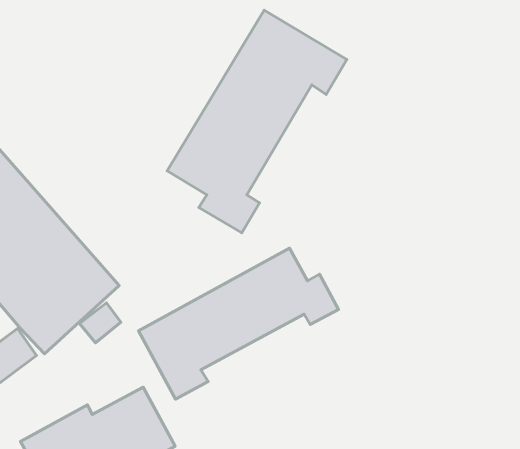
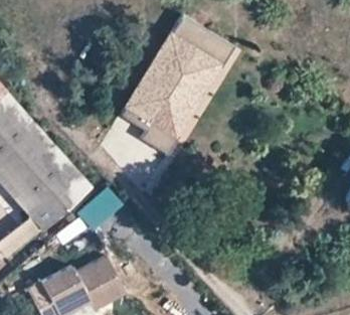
building: [138,248,339,399] -> none

